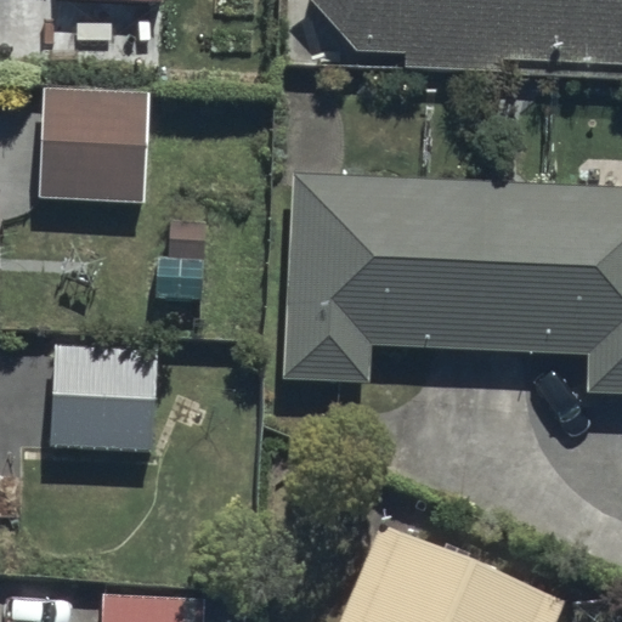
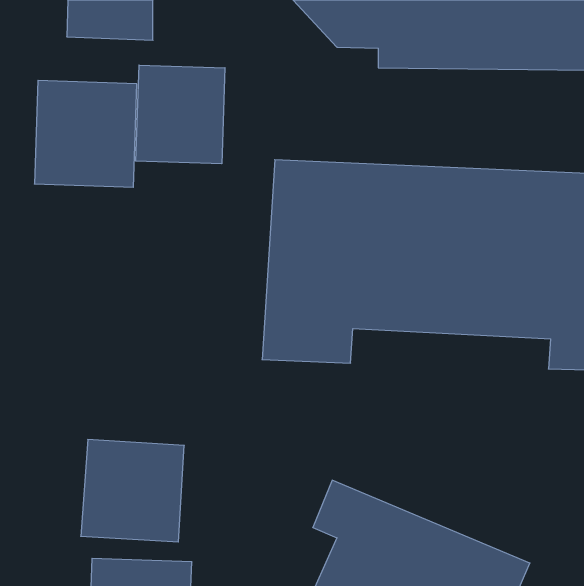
building: none -> [136,65,225,164]
building: [50,343,159,451] -> [81,440,184,542]

